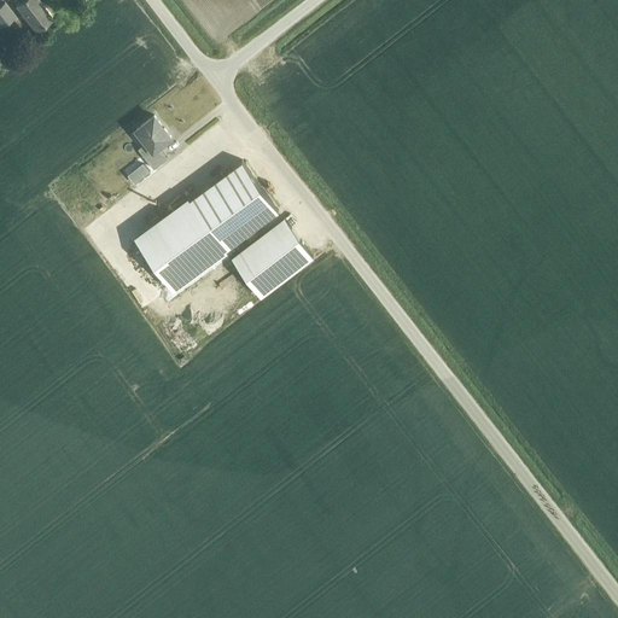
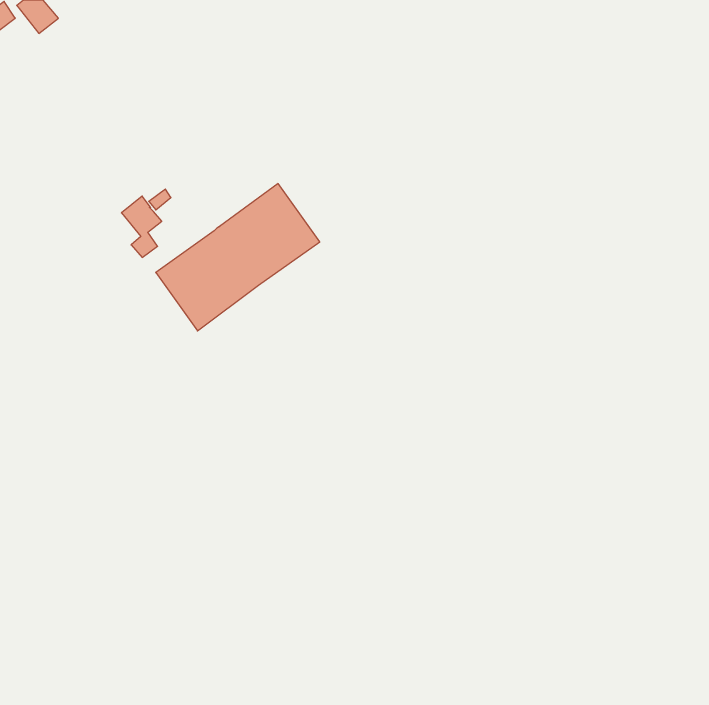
building: [135,119,170,173] -> [121,196,162,257]
building: [231,222,311,301] -> none

